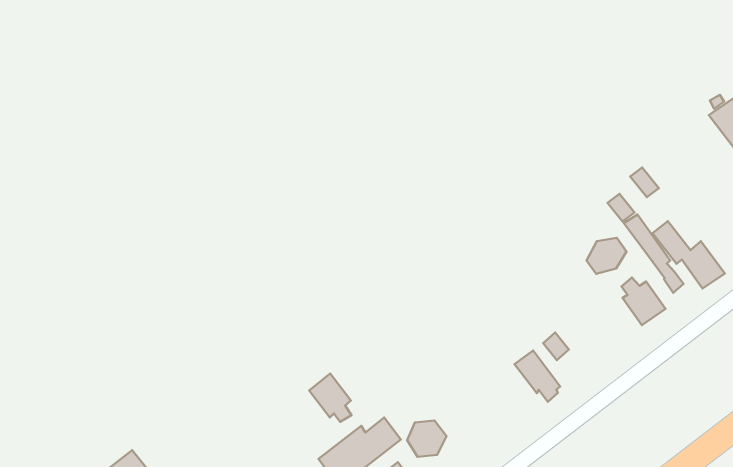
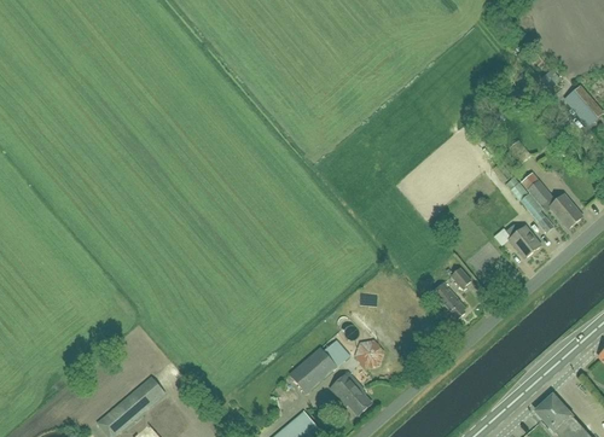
building: [586,238,627,274] -> none
building: [309,374,351,422] -> none

